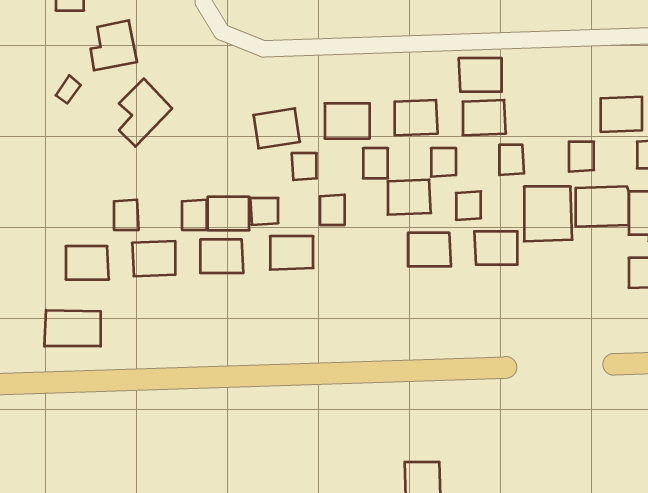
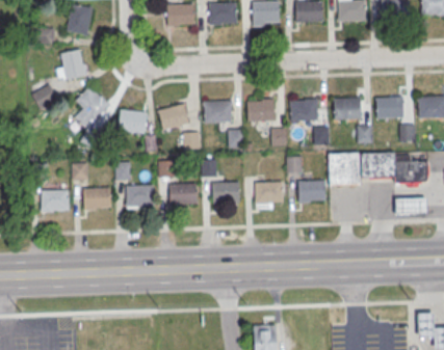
building: [459,58,502,92] -> [334,98,361,118]
building: [388,180,431,215] -> [212,182,239,204]
building: [208,197,249,230] -> [120,111,146,132]
building: [44,310,101,346] -> none

